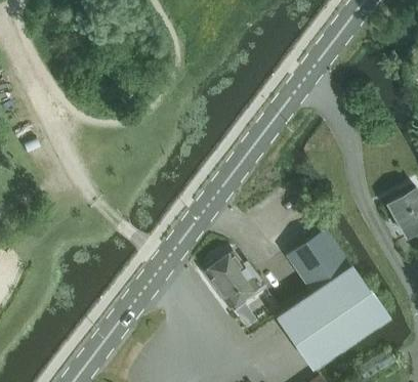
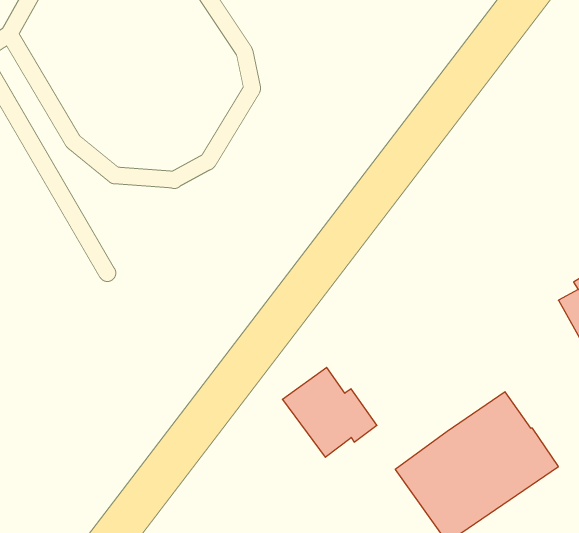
building: [289,230,353,294] -> none

